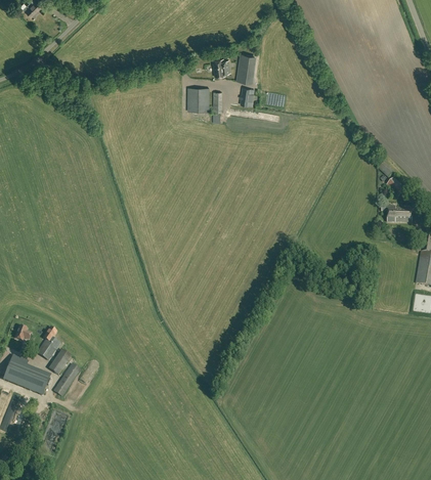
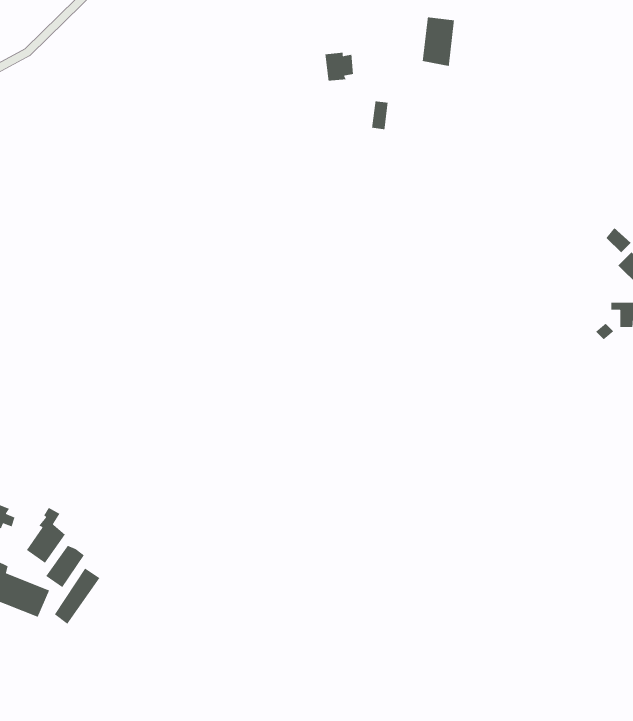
building: [236,54,256,84] -> [422,16,455,67]
building: [187,88,210,112] -> none

